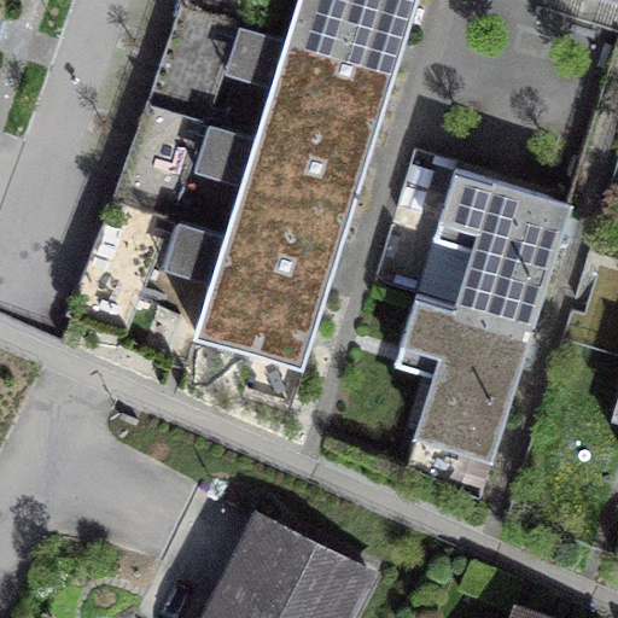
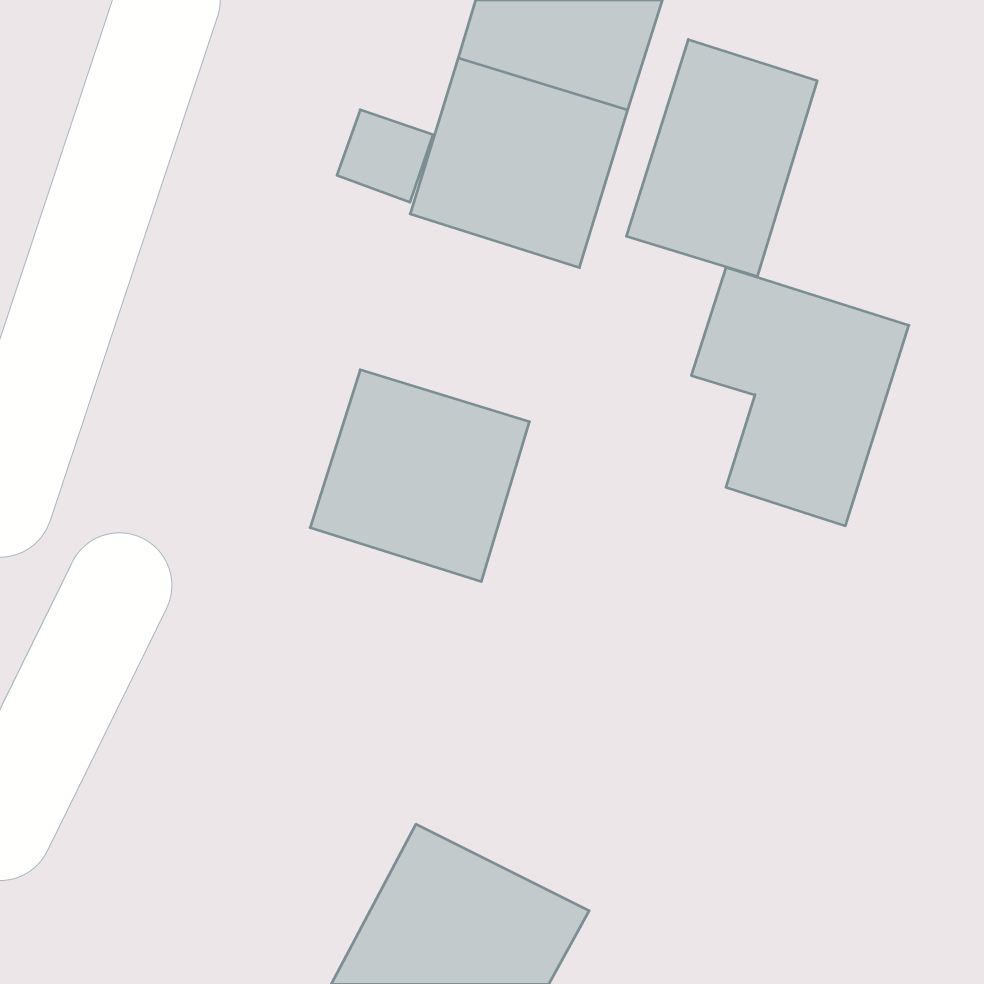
building: none -> [626,39,817,276]
building: [226,134,363,264] -> none
building: [396,295,530,456] -> none

